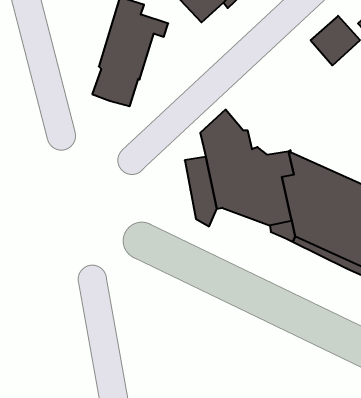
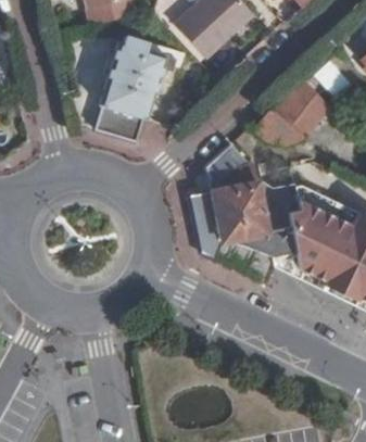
building: none -> [252,80,329,148]

